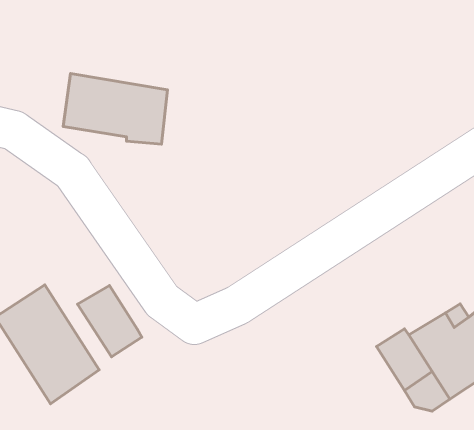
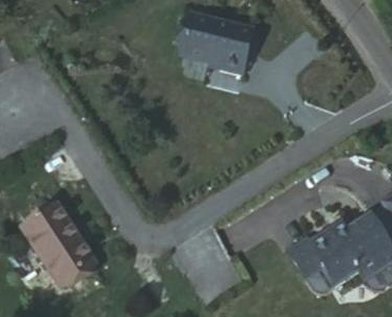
building: [63,74,167,144] -> [180,18,254,68]
building: [78,285,142,357] -> none

